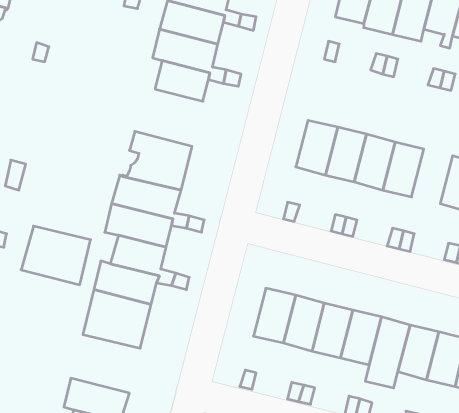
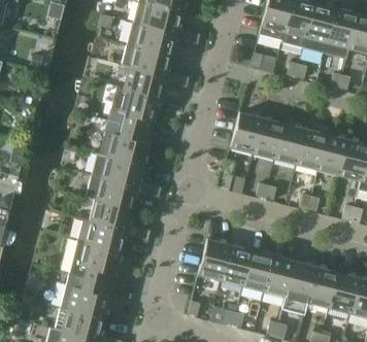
building: none -> [107,87,159,132]
building: none -> [316,134,347,175]
building: [21,226,91,285] -> [59,274,111,318]

